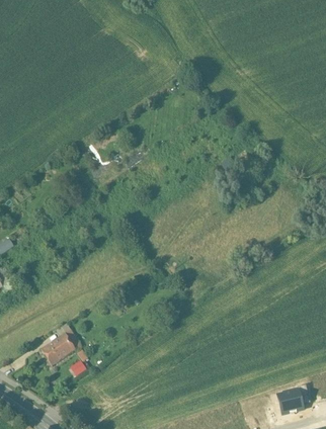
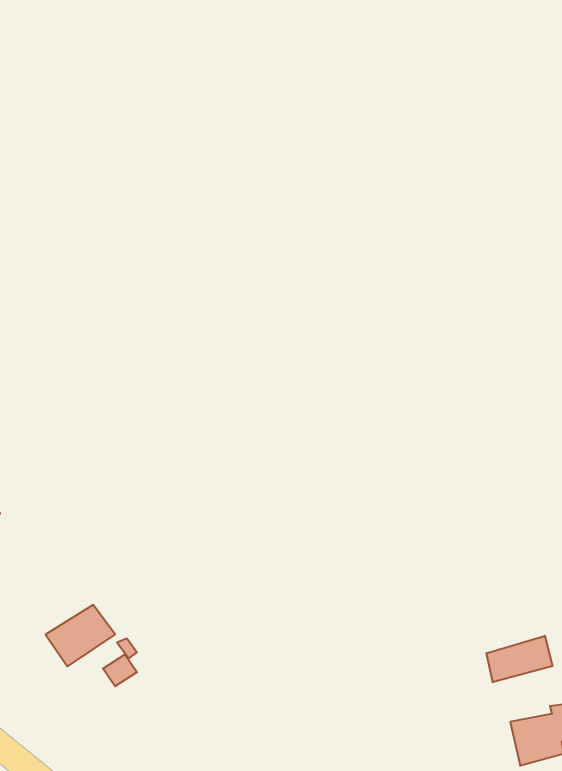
building: none -> [487,636,553,682]

